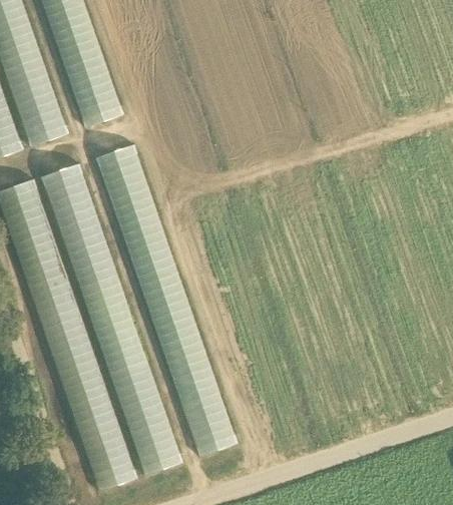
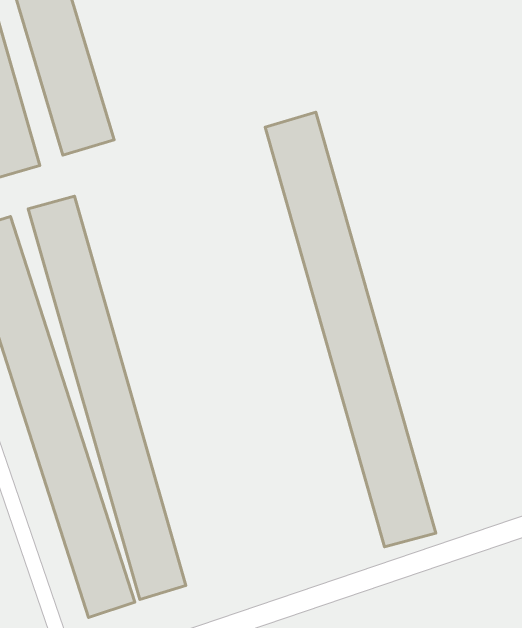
building: none -> [265,112,436,547]
building: [103,141,232,457] -> none

